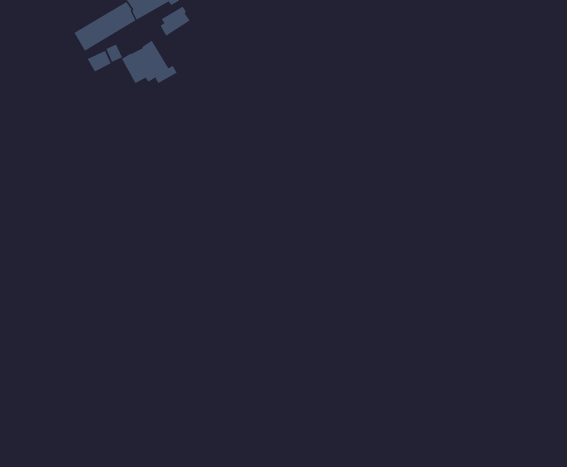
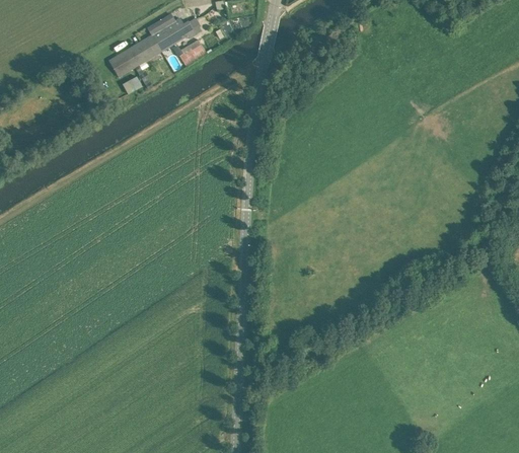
building: [121,40,177,84] -> none

